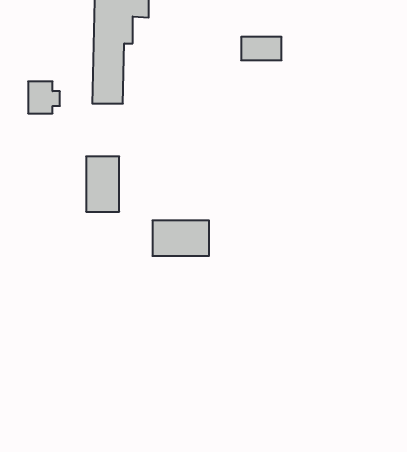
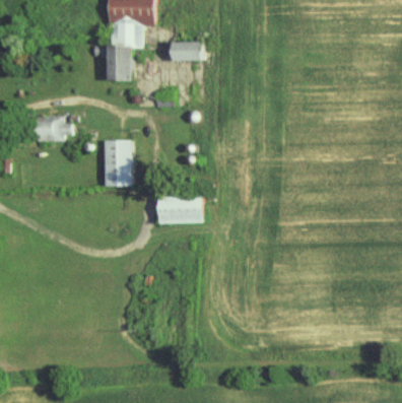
building: [241,37,282,60] -> [171,42,204,61]
building: [28,81,60,113] -> [42,115,68,141]

